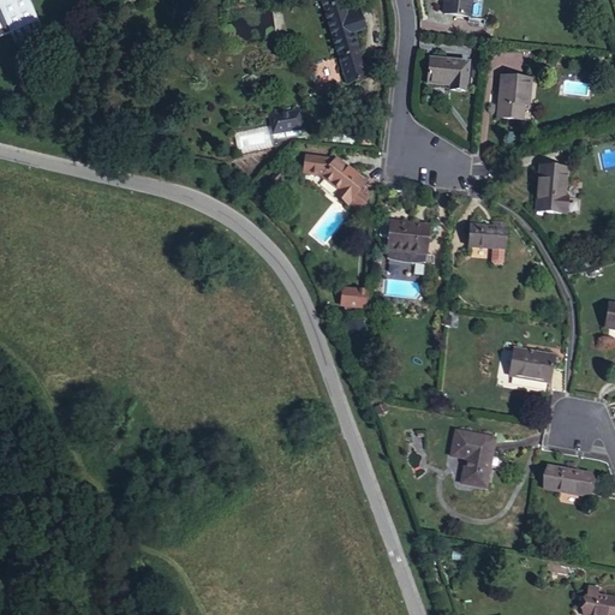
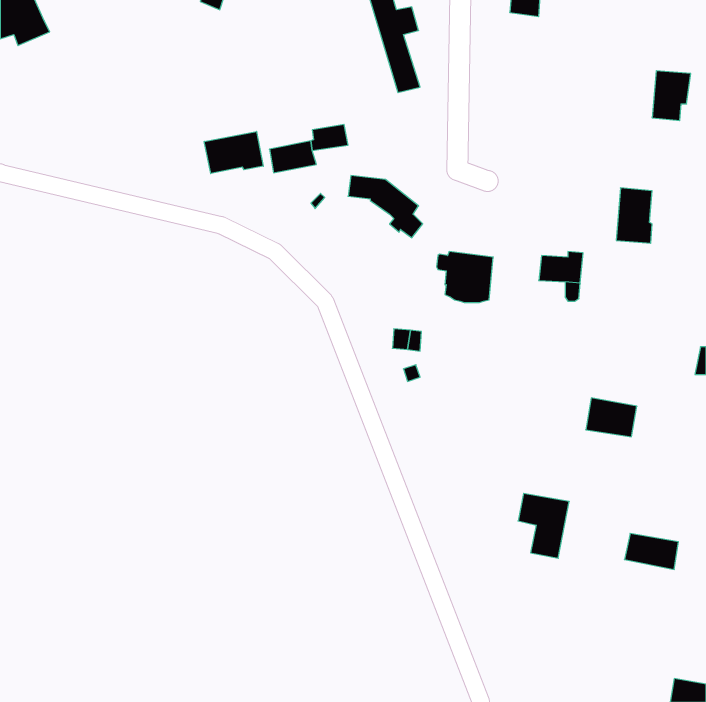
building: [428,55,468,88] -> none
building: [497,74,531,118] -> [652,71,691,121]
building: none -> [204,131,263,174]

